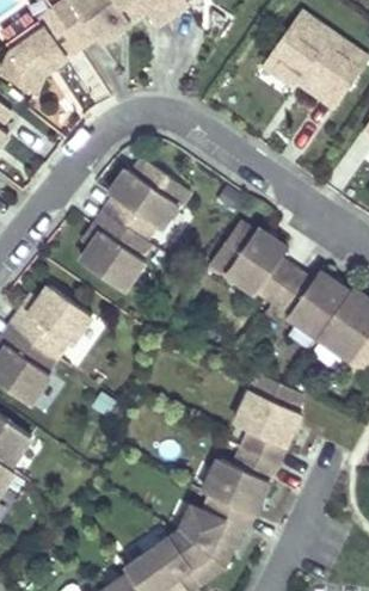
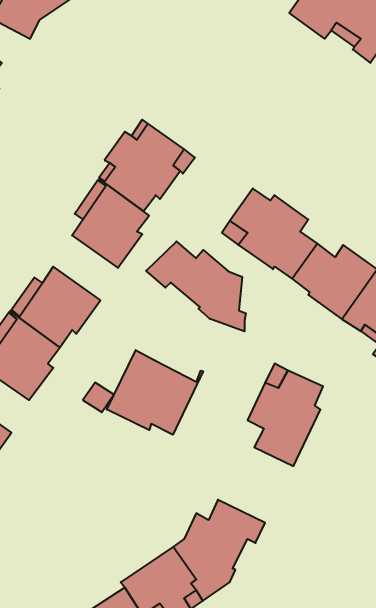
building: none -> [146,241,246,331]
building: none -> [107,350,203,435]
building: [197,448,271,515] -> none

